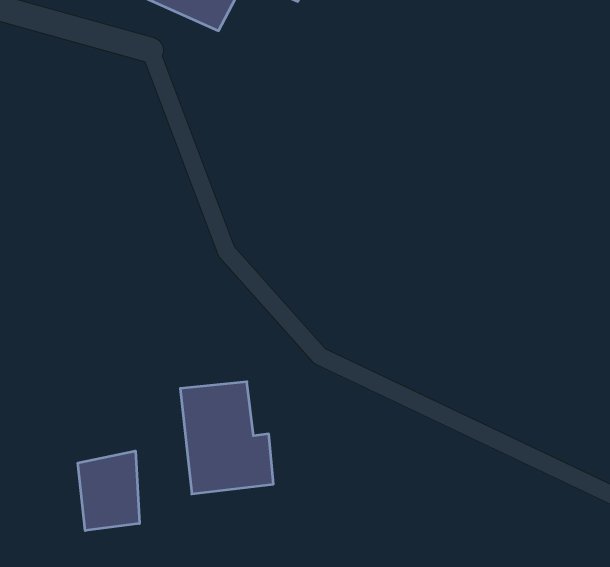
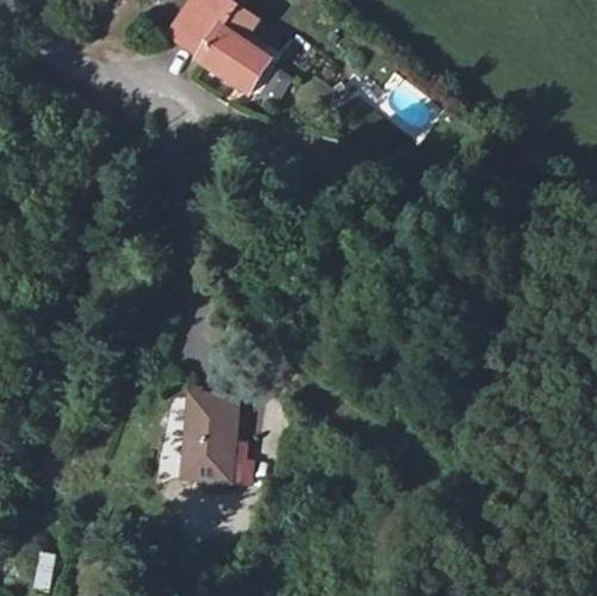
building: [78,451,139,531] -> none

